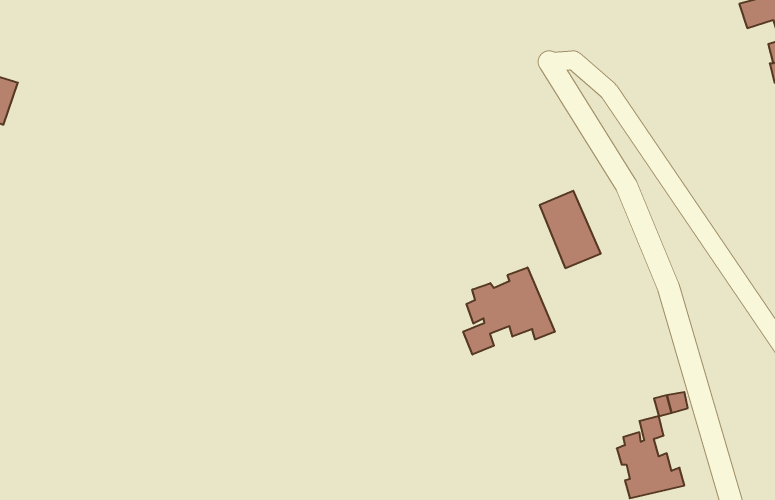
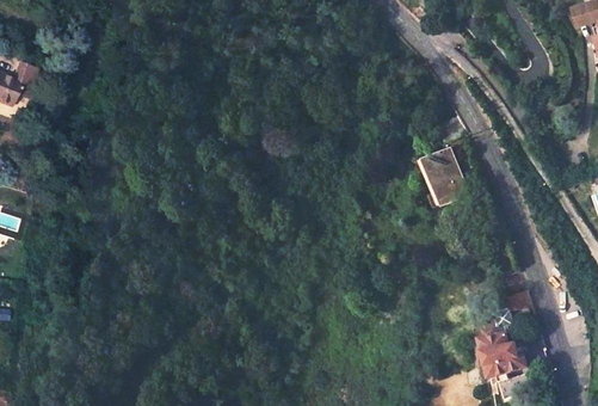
building: [463,267,555,355] -> none

